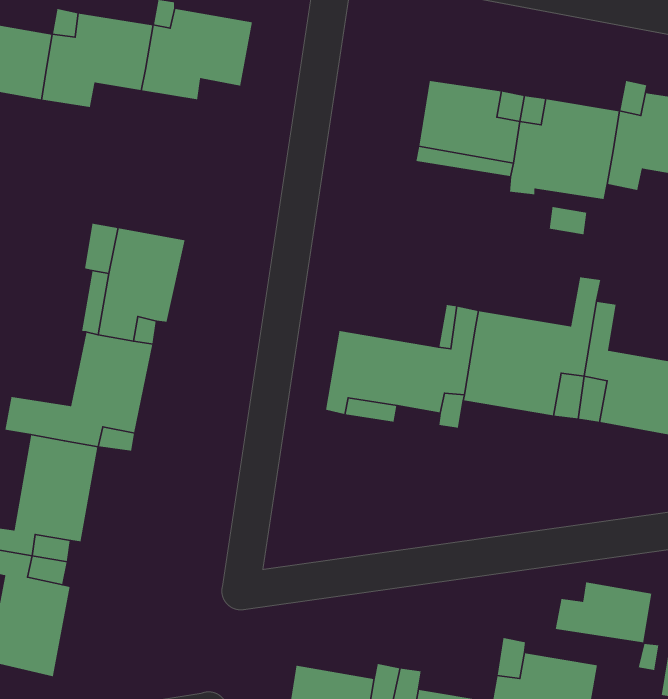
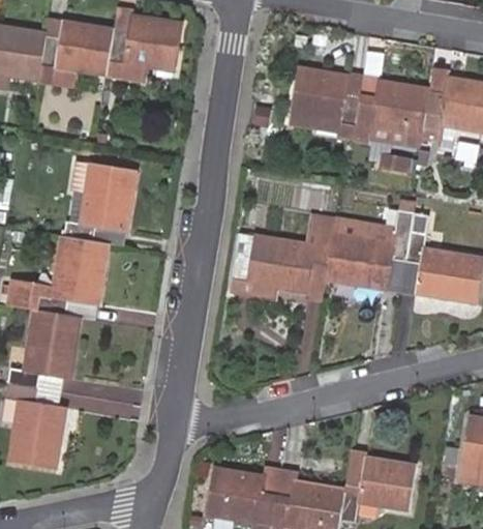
building: [555,581,652,643] -> none

